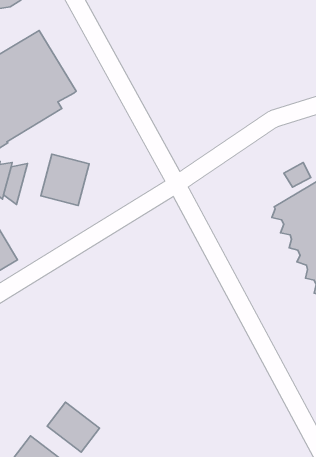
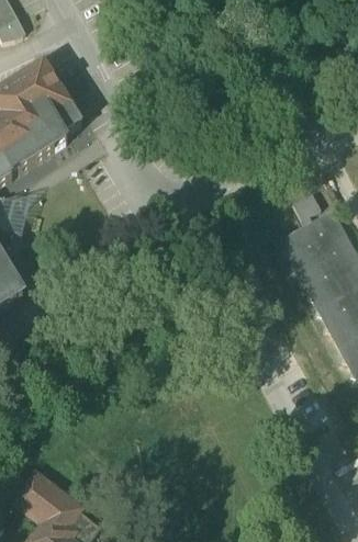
building: [41,154,89,206] -> none
building: [47,402,99,452] -> none

